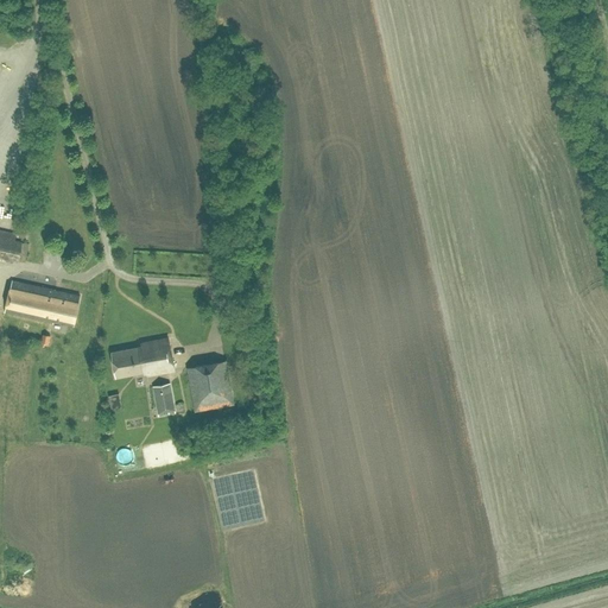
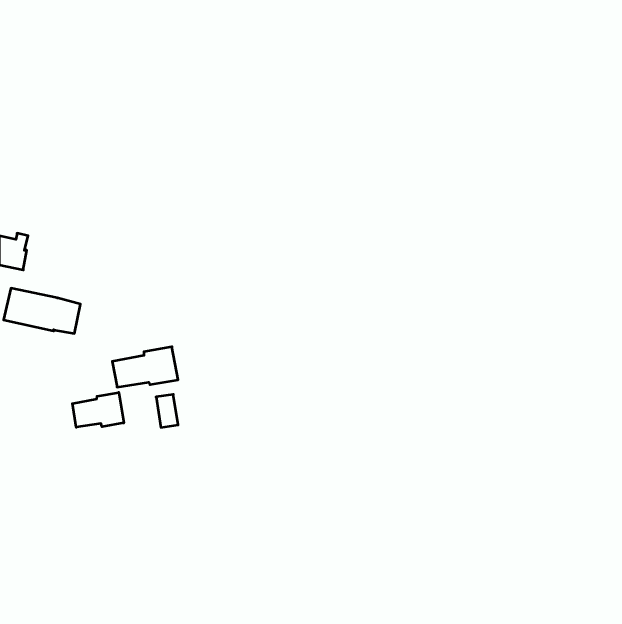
building: [186,360,233,411] -> none
building: none -> [72,392,124,427]

